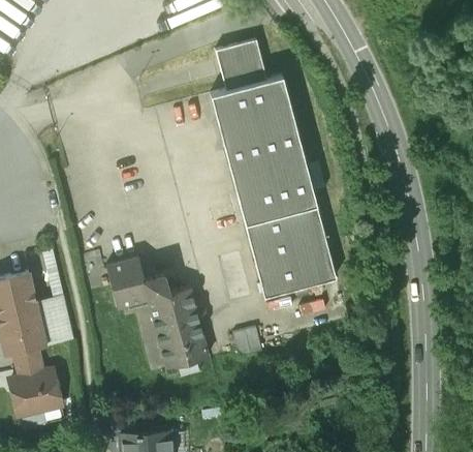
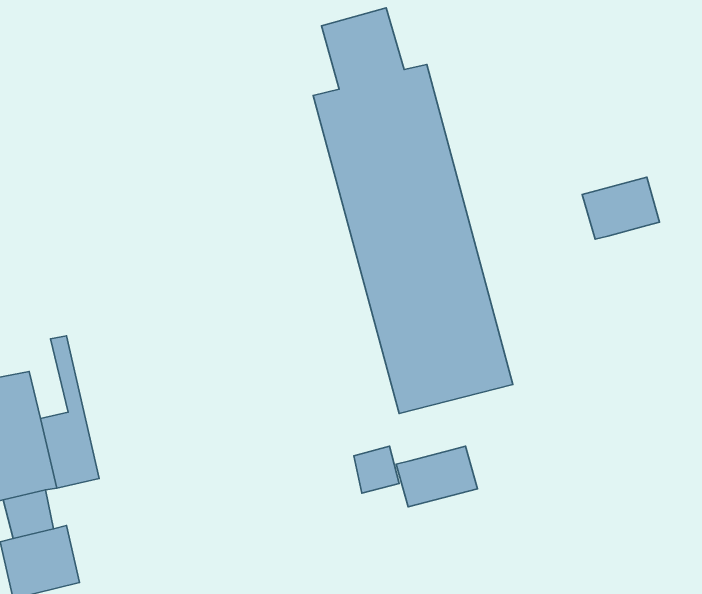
building: none -> [582,177,660,239]
building: [107,259,209,370] -> none
building: none -> [396,446,477,507]

